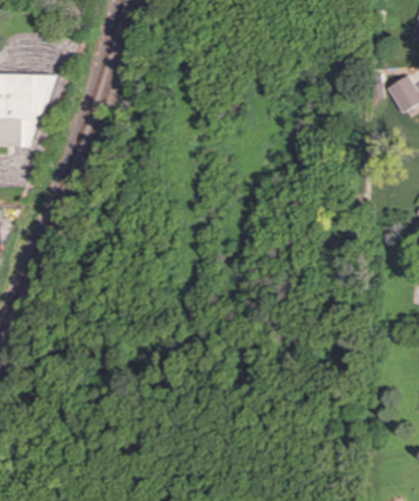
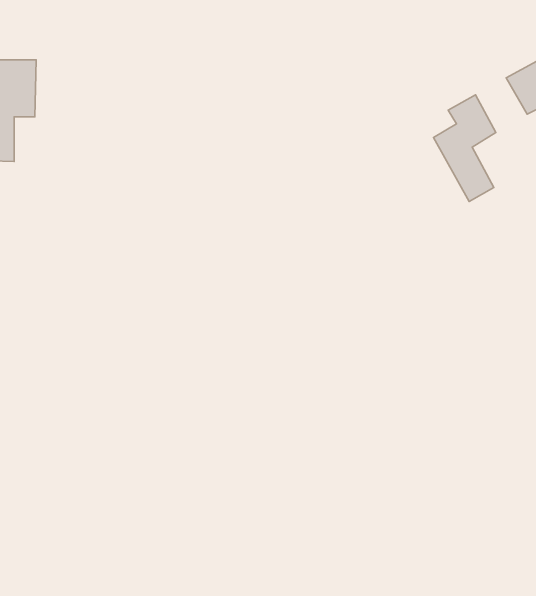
building: none -> [433,95,496,202]

